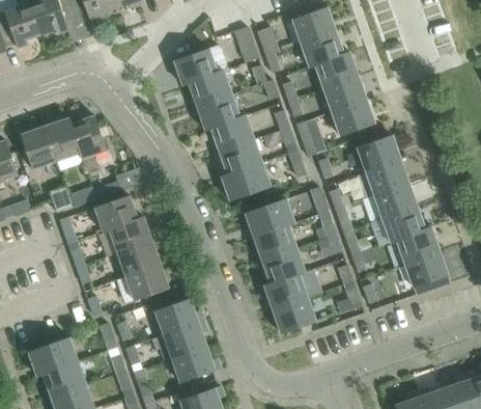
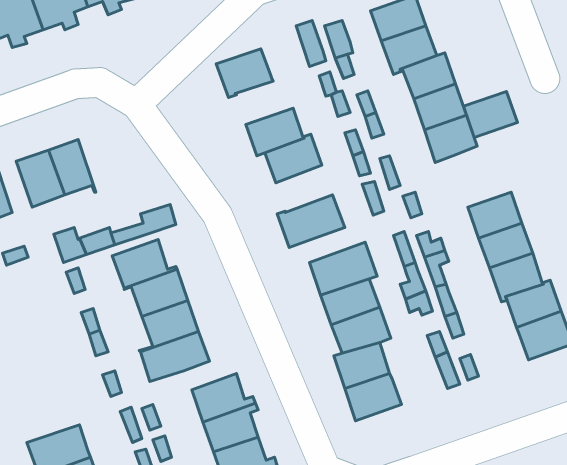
building: [189,69,233,107] -> none
building: [68,115,107,171] -> none
building: [359,135,400,170] -> [463,91,517,137]
building: [220,138,263,174] -> none

